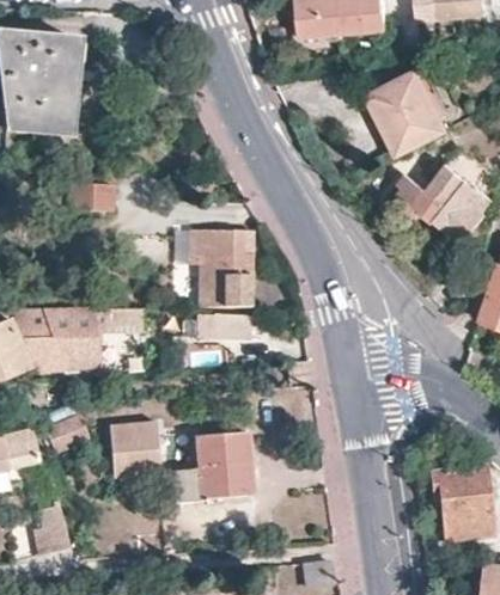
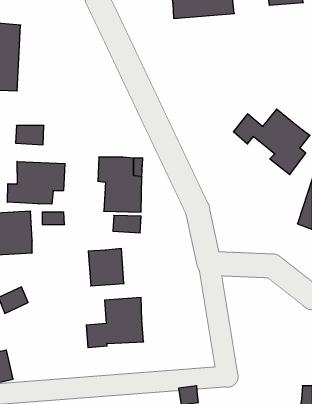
building: [370,65,447,148] -> none
building: none -> [7,161,65,204]
building: [116,422,167,476] -> [88,249,124,286]
building: [429,466,492,536] -> none

